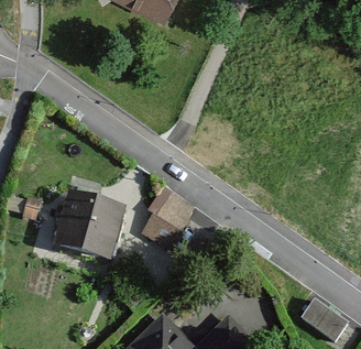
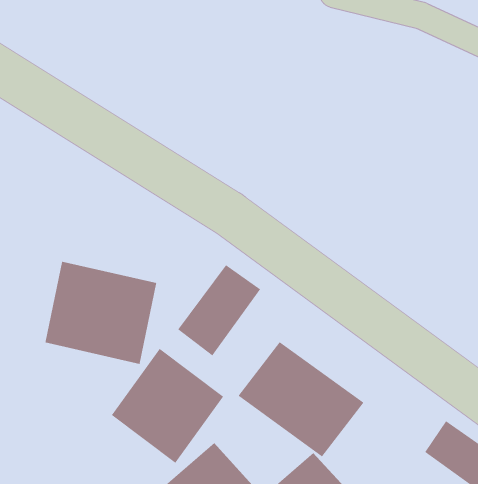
building: none -> [237,341,364,457]
building: none -> [111,348,224,464]

